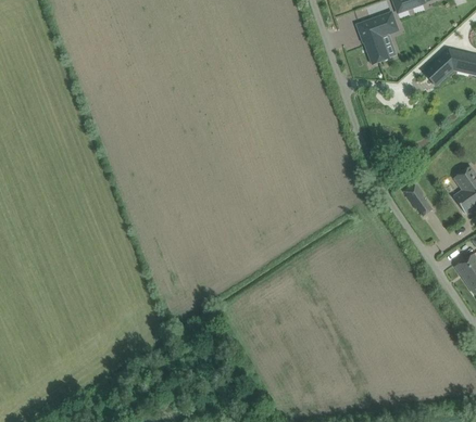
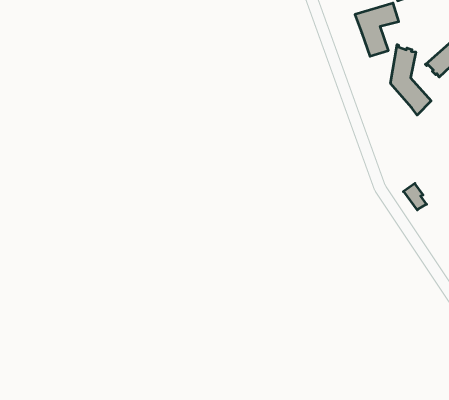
building: none -> [391,45,431,115]

